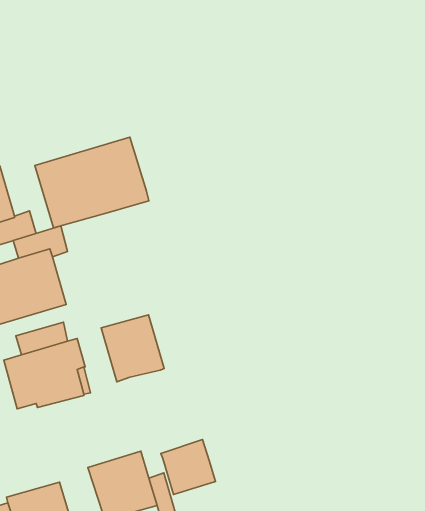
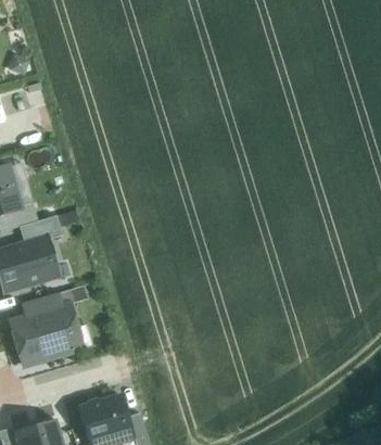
building: [35,137,149,228] -> none
building: [101,315,164,382] -> none
building: [161,440,216,494] -> none

